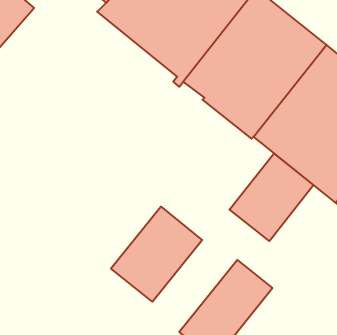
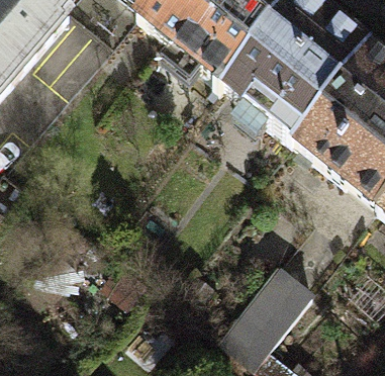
building: [229,154,314,241] -> none
building: [111,207,202,302] -> none

